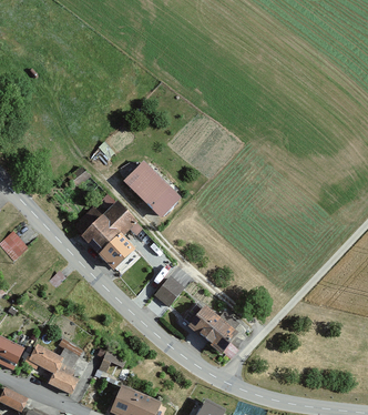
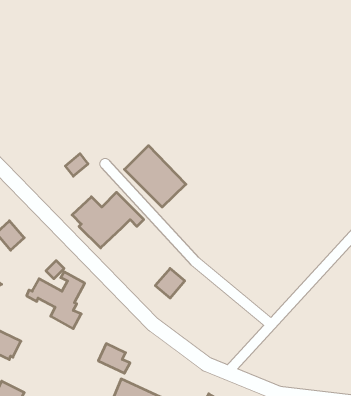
building: [101,237,133,271] -> none
building: [184,304,238,354] -> none
building: [24,338,81,394] -> [27,272,85,329]

